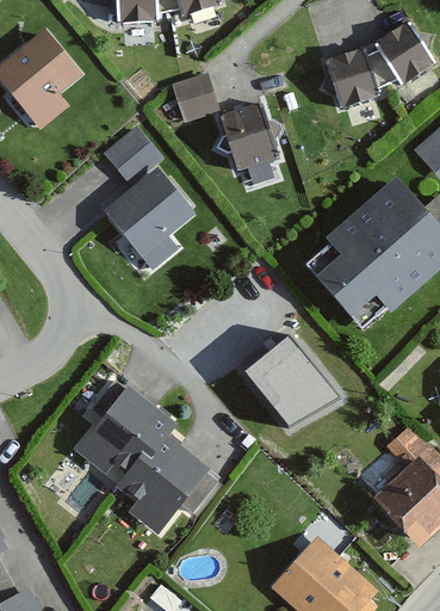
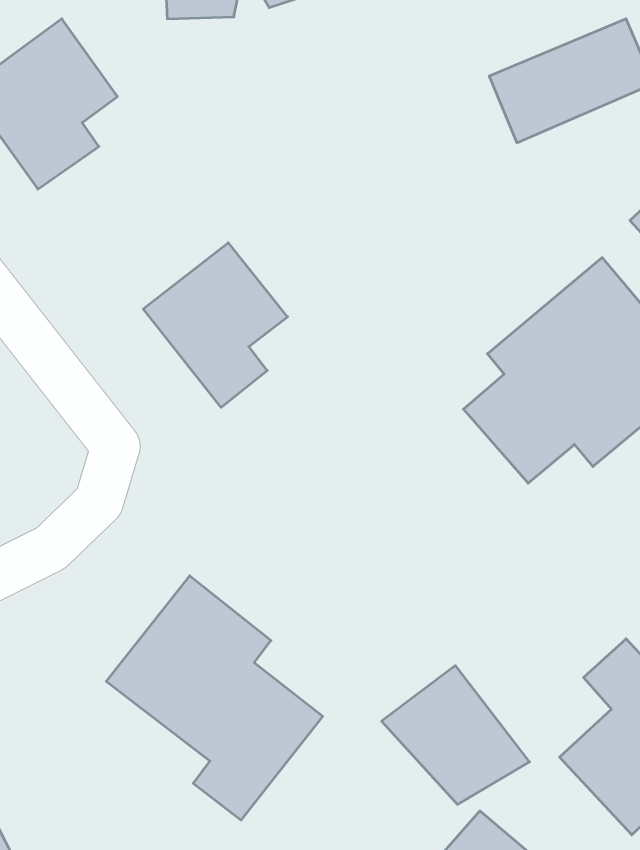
building: [169,70,273,166] -> none
building: [105,125,165,184] -> none
building: [248,326,343,415] -> [382,666,530,804]

